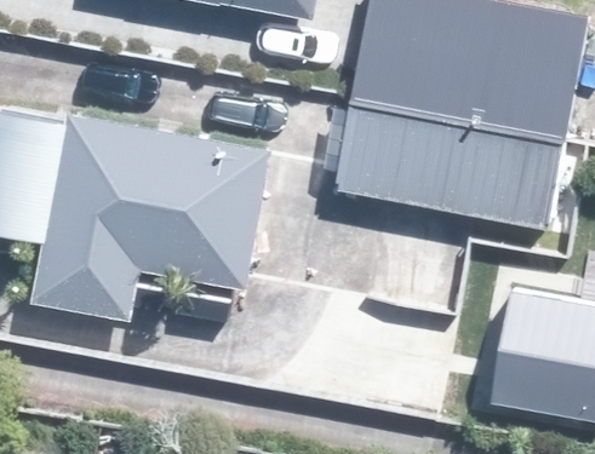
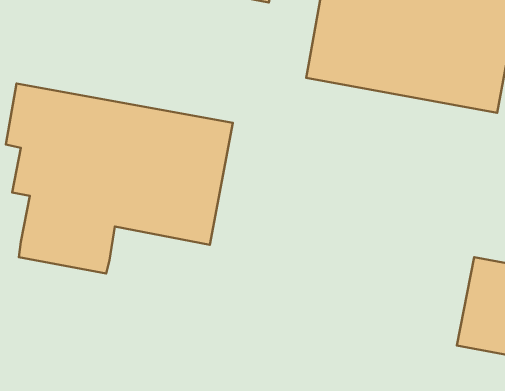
building: [334,104,562,225] -> none

